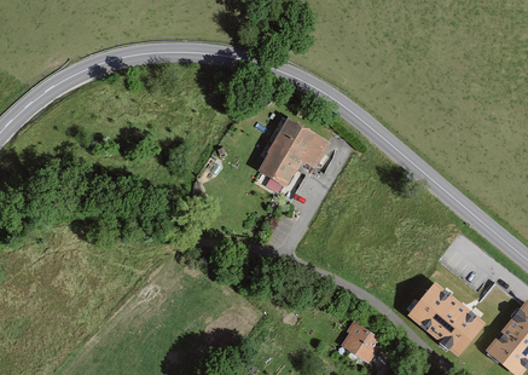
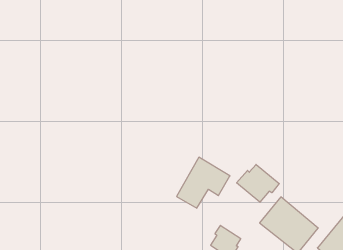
building: [259,116,331,185] -> [177,157,230,208]
building: none -> [237,164,279,202]

